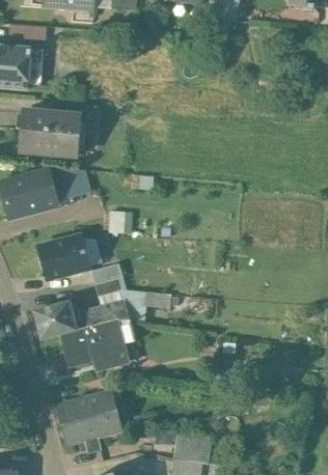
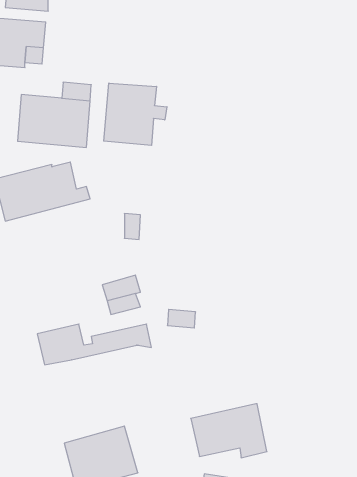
building: none -> [104,83,167,145]
building: [39,241,91,280] -> none
building: [65,323,130,368] -> [191,404,267,458]

